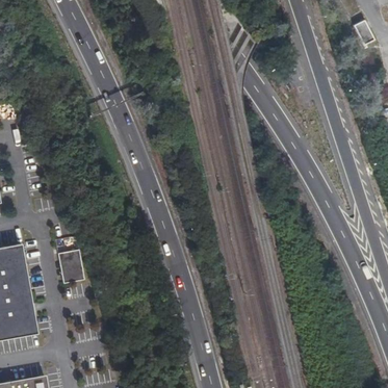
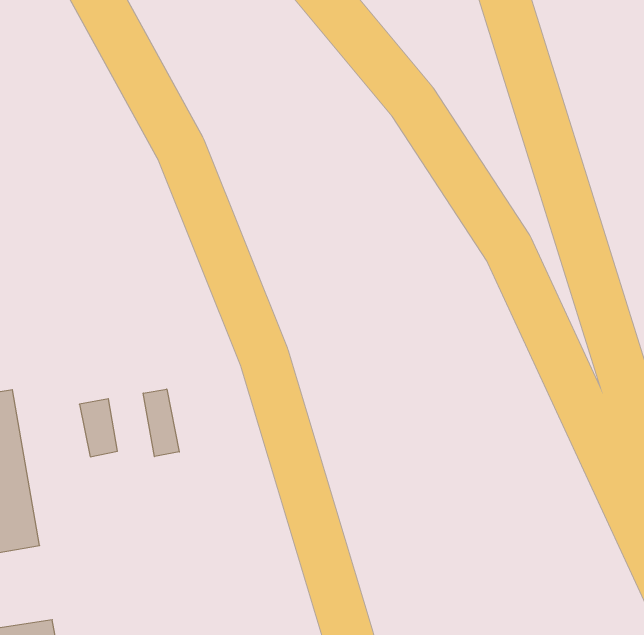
building: none -> [143,389,179,457]

